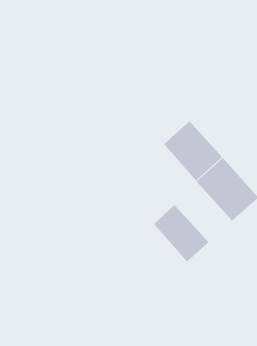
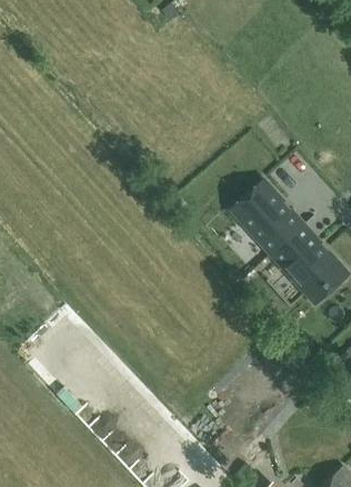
building: [153,204,209,262] -> none

